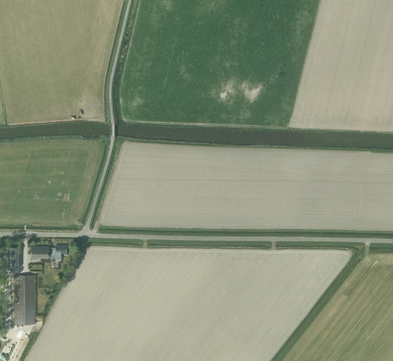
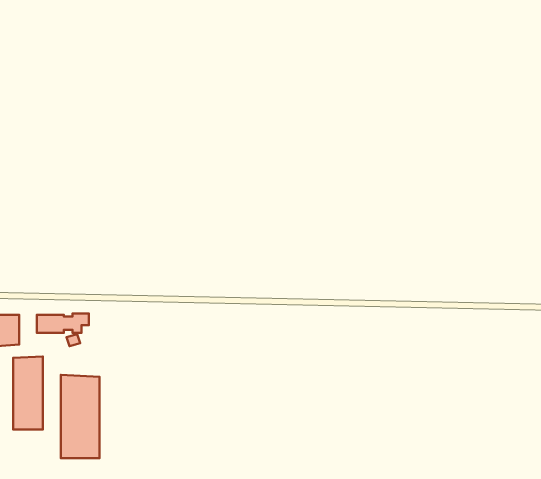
building: none -> [61,375,99,458]

